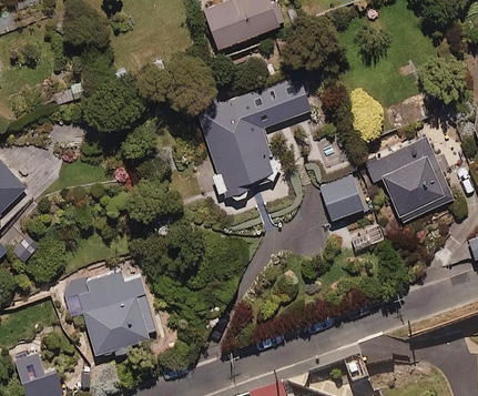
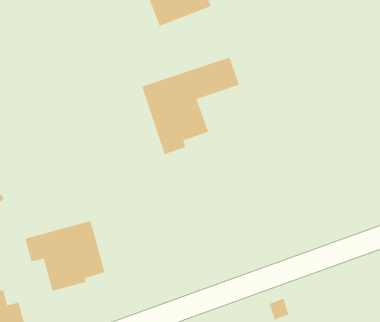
building: [364,135,452,219] -> none
building: [318,174,364,219] -> none

